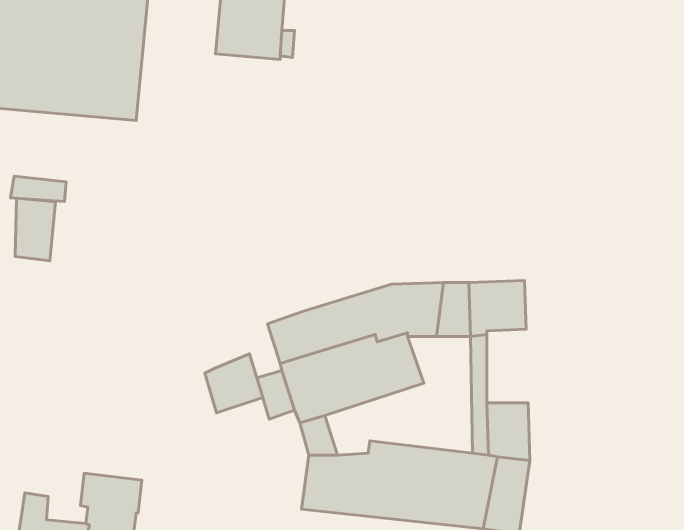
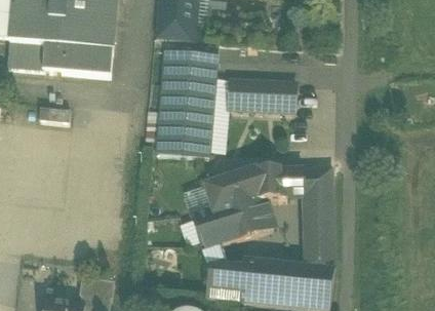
building: none -> [157,50,216,157]
building: none -> [228,78,295,111]
building: [15,198,56,261] -> none
building: none -> [310,194,333,236]
building: [205,354,263,413] -> none

